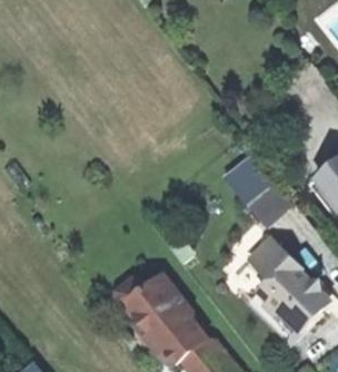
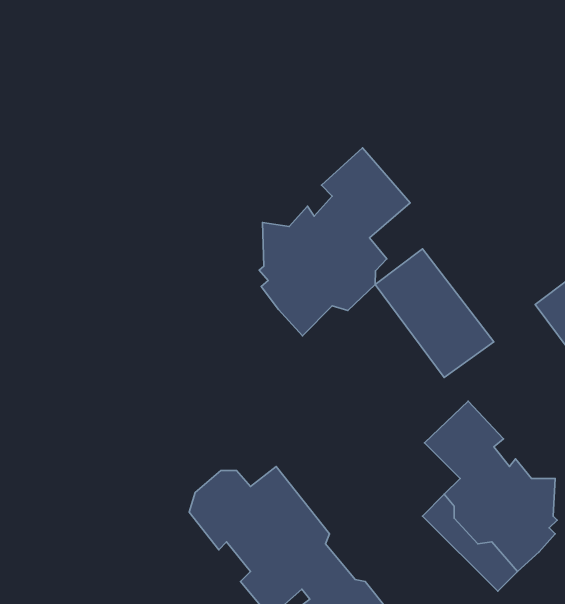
building: none -> [259,148,410,336]

